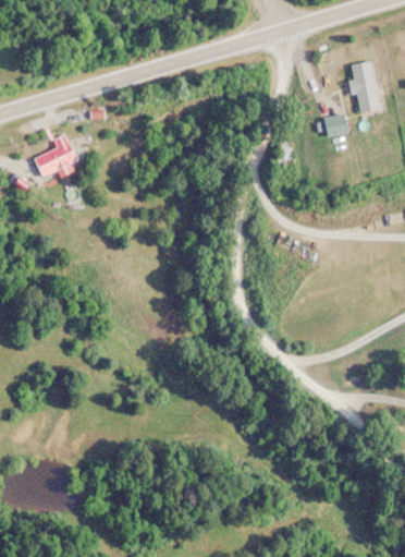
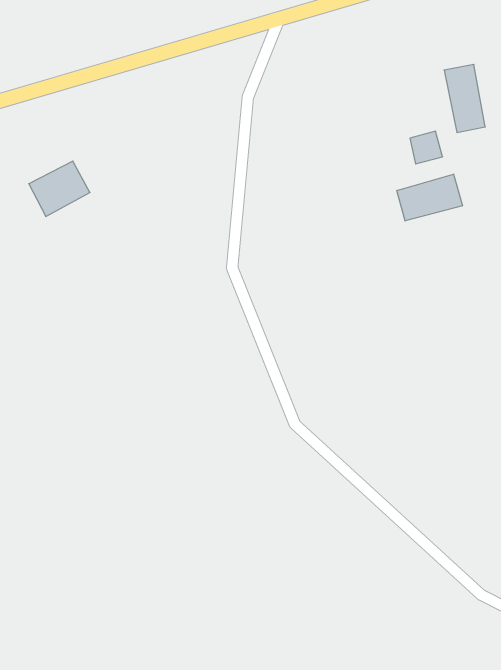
building: none -> [397,174,462,221]

